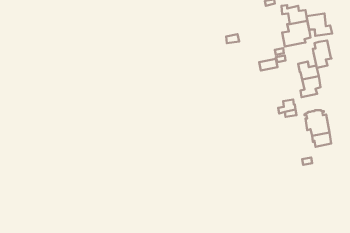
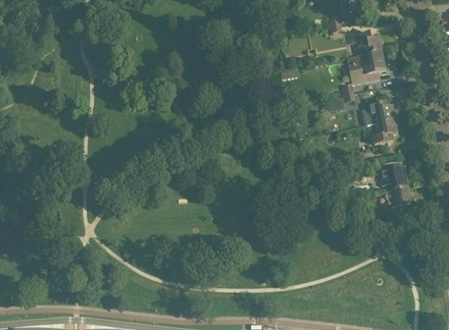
building: [307,14,332,36] -> none
building: [313,41,331,68] -> none

